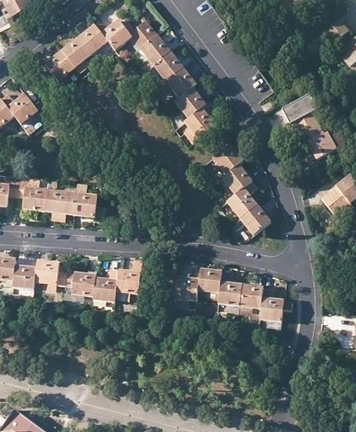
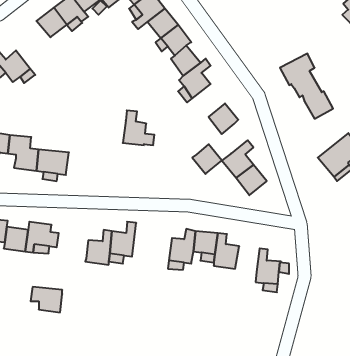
building: [222,164,251,193] -> [192,144,222,174]
building: [73,182,104,216] -> [123,110,154,145]
building: [64,271,95,296] -> [31,287,62,312]
building: [239,284,263,309] -> none

